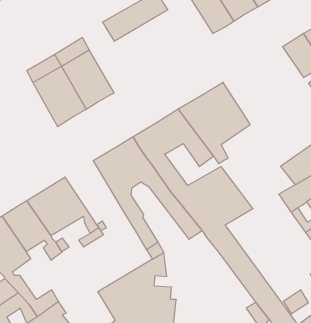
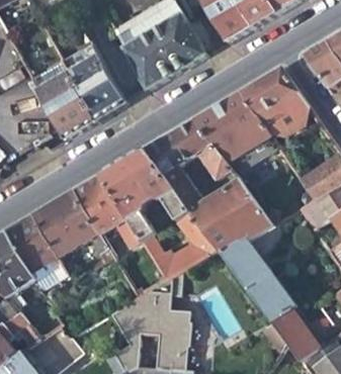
building: none -> [125,15,205,89]
building: none -> [241,68,308,133]
building: none -> [74,175,135,235]

